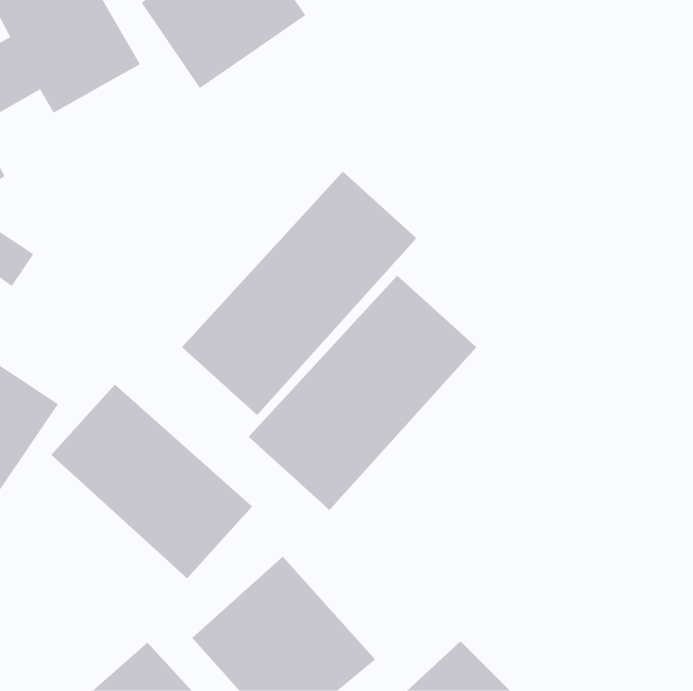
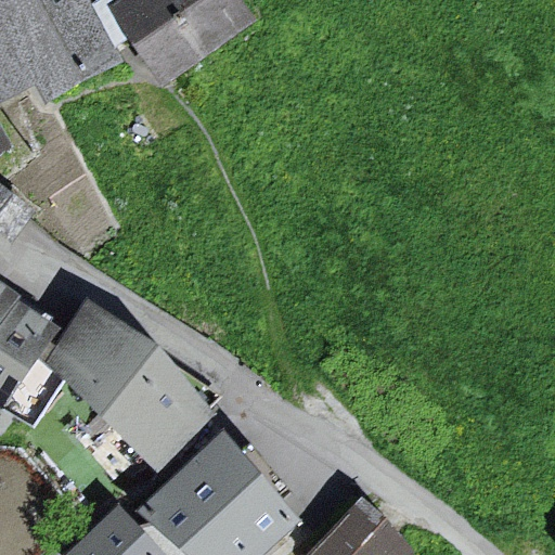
building: [181,171,417,416] -> none
building: [248,275,477,511] -> none

